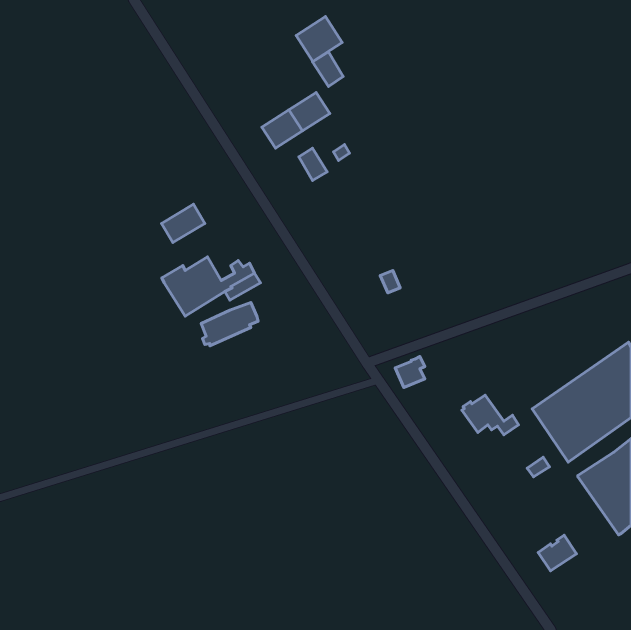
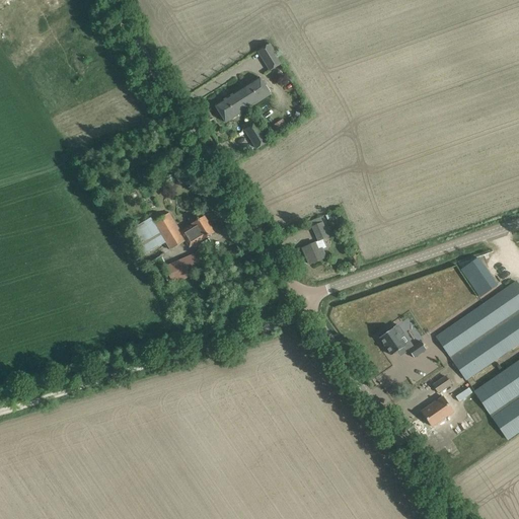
building: [296,17,342,62] -> none
building: [162,204,205,243] -> none
building: none -> [458,251,499,296]
building: [395,357,425,387] -> [302,238,326,264]
building: [538,535,577,571] -> [422,396,453,426]

